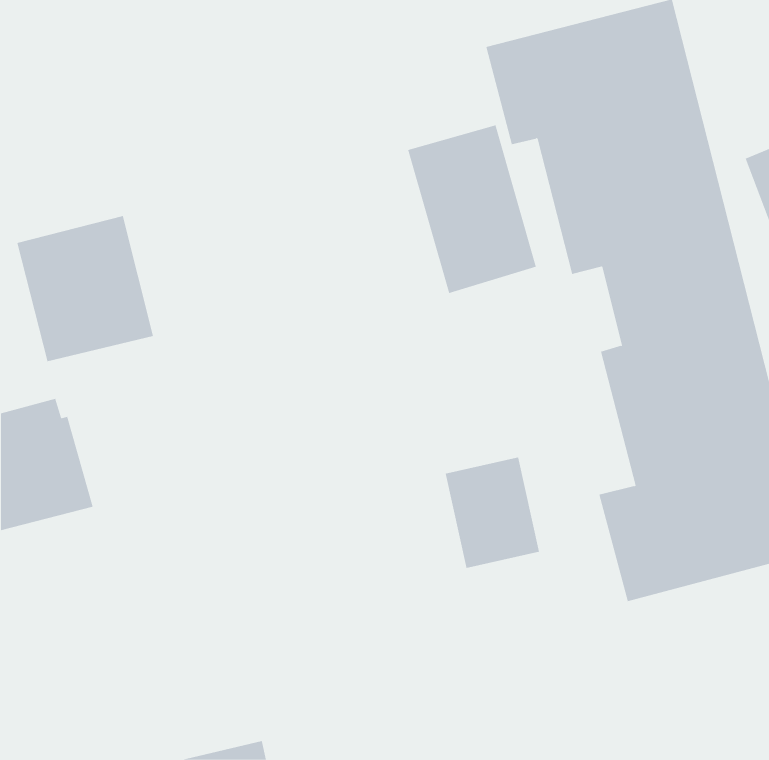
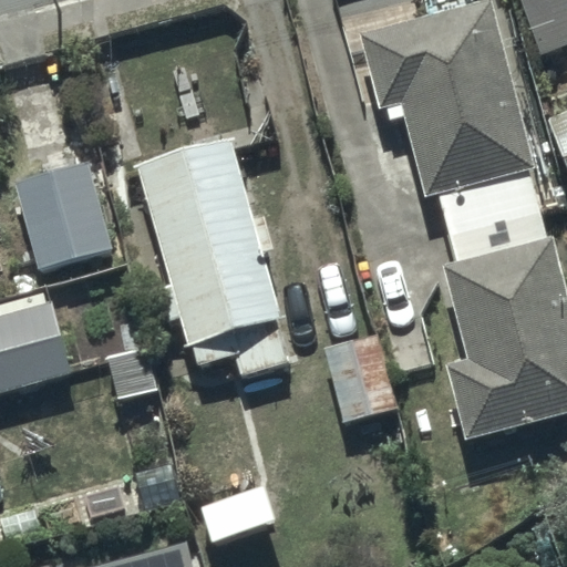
building: [407,124,537,294] -> none
building: none -> [134,141,293,375]

